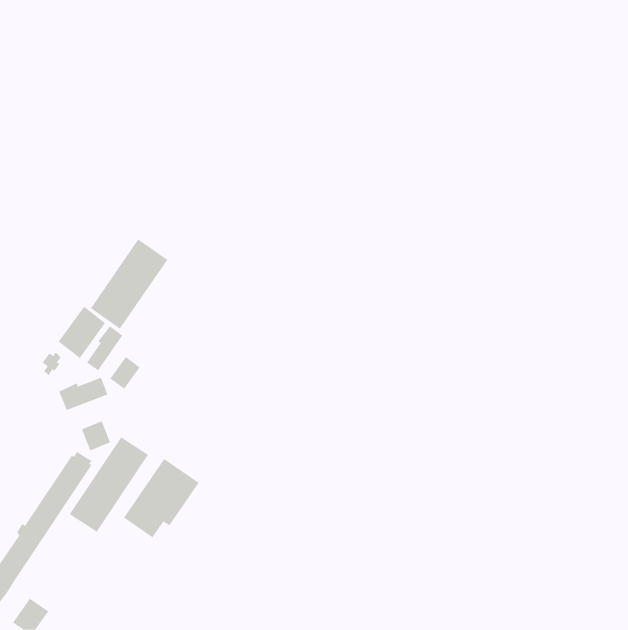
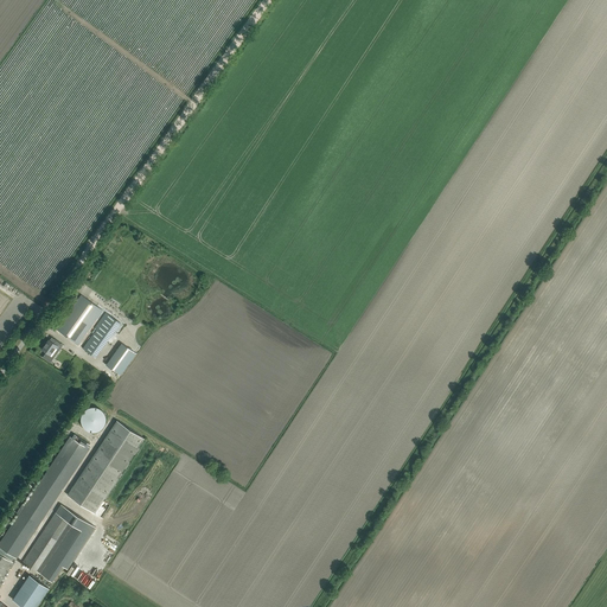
building: [90,238,168,329] -> none
building: [58,377,108,411] -> none
building: [123,458,200,538] -> [21,504,95,581]

